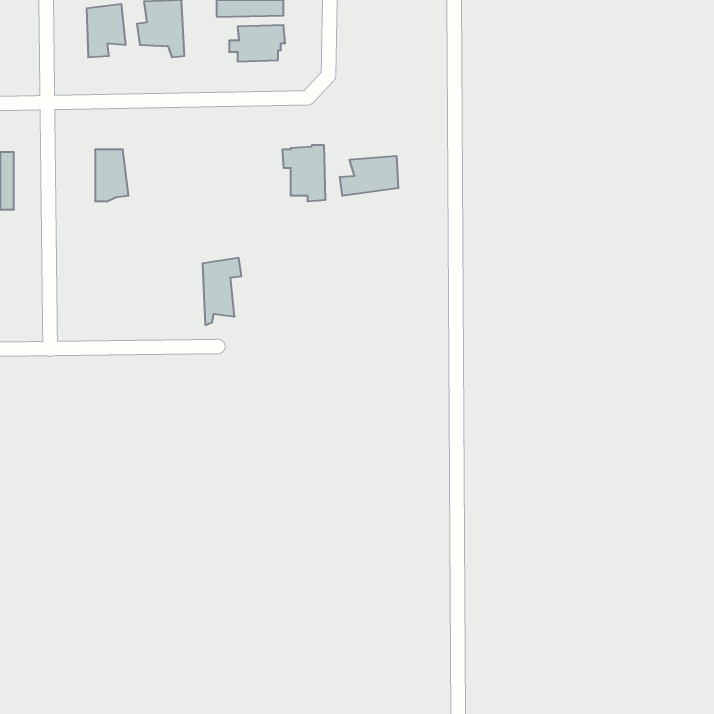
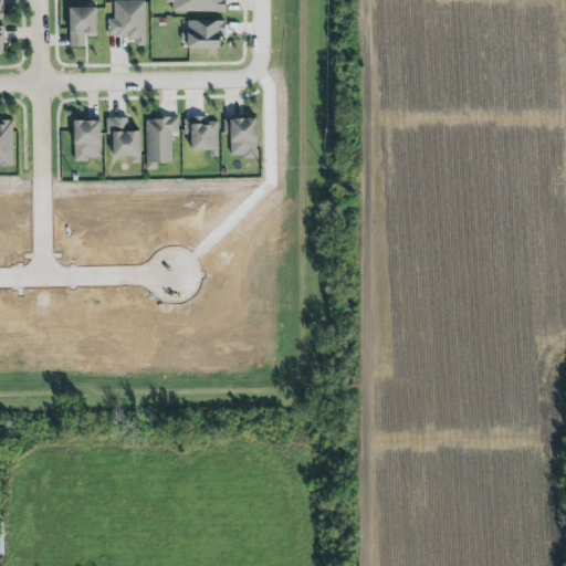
building: none -> [107,115,140,164]
building: none -> [187,119,219,158]
building: [340,156,398,196] -> none
building: [202,258,242,325] -> [147,115,178,168]

